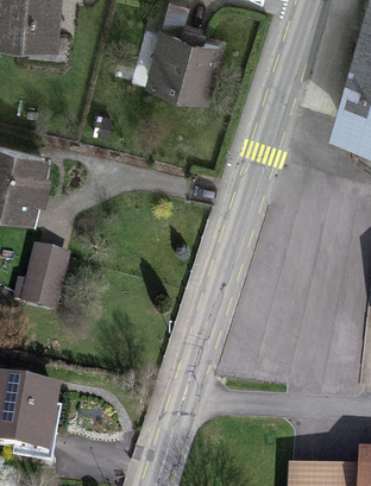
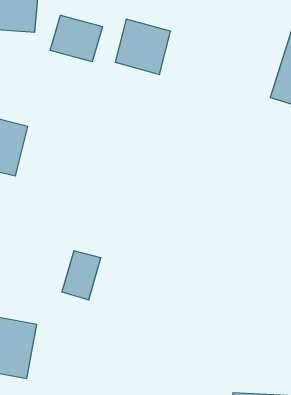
building: none -> [50,15,102,62]
building: [21,253,68,311] -> [62,251,101,300]

